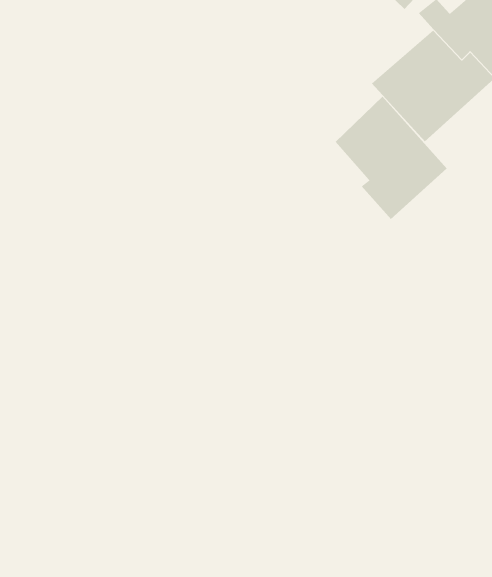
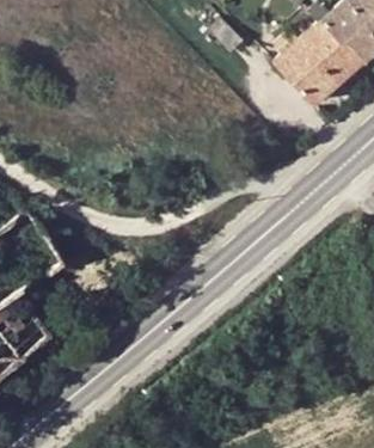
building: [335,96,448,220] -> none

